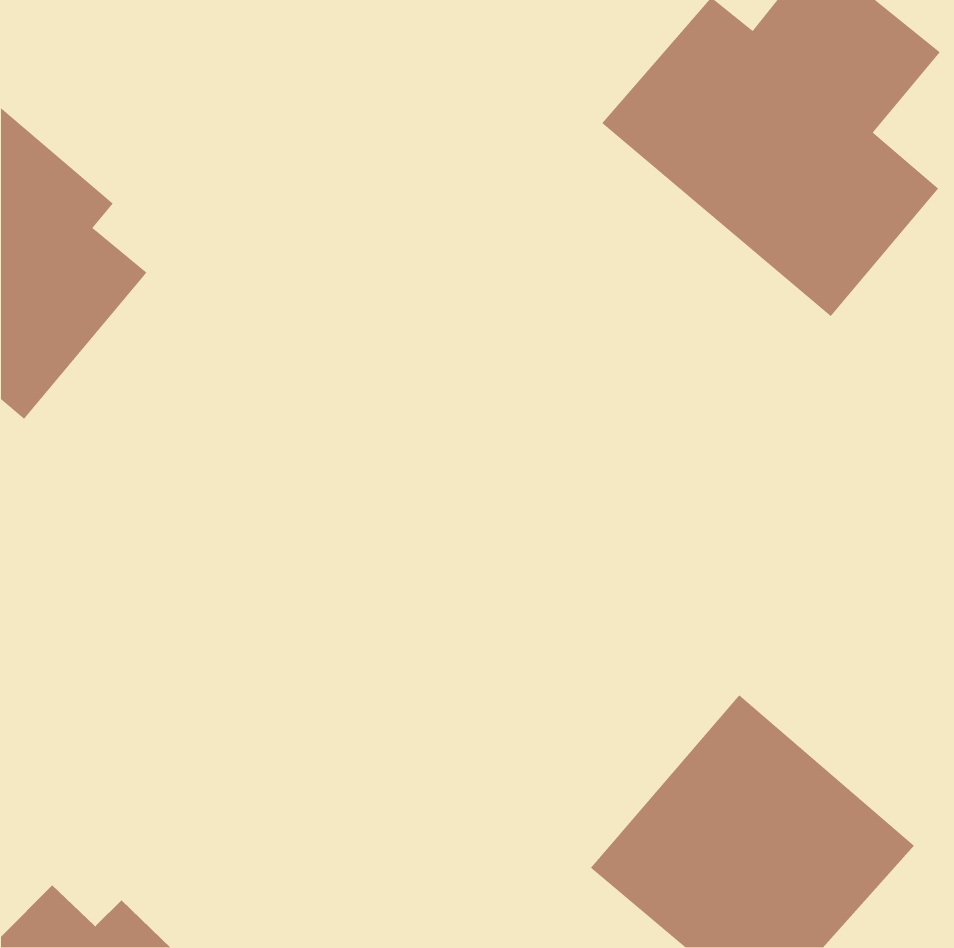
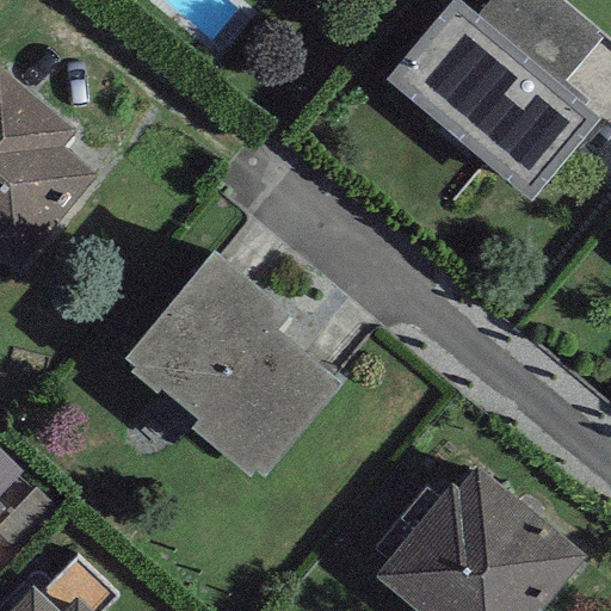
building: none -> [124,253,341,479]

